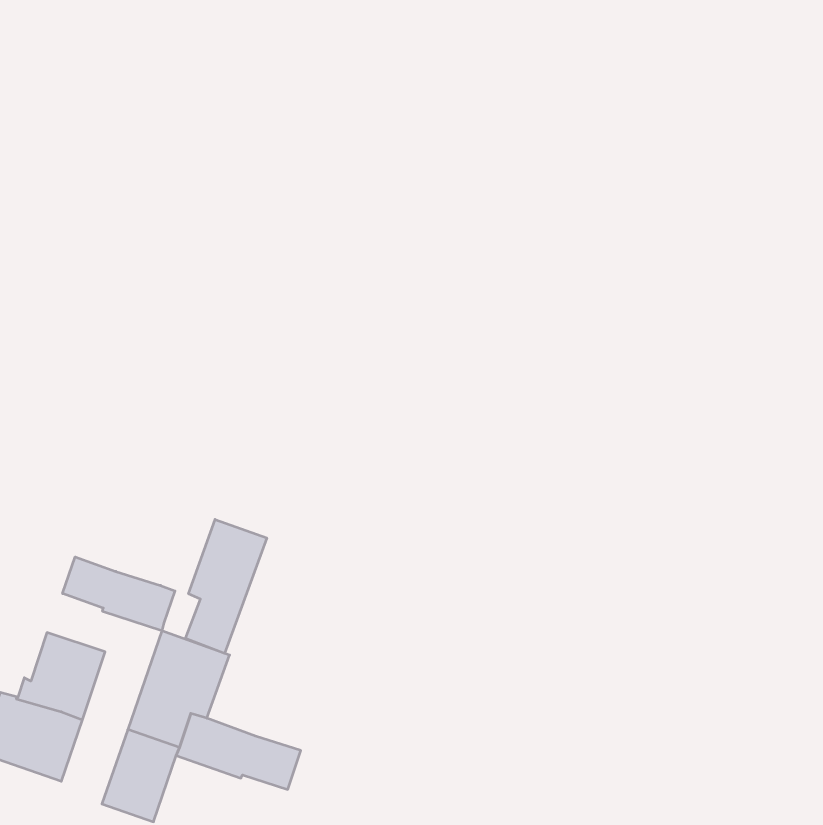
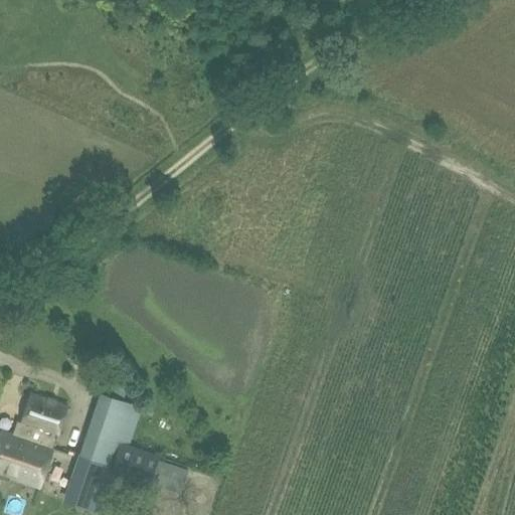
building: [186,519,267,653] -> none
building: [63,557,175,631] -> none

